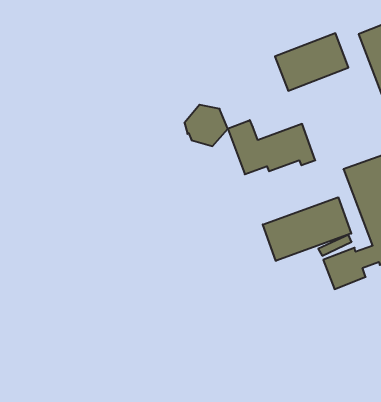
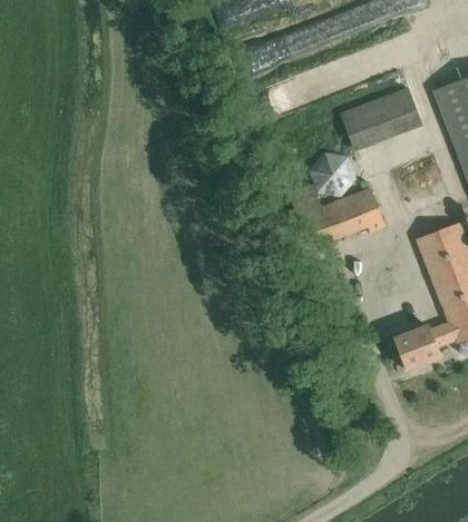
building: [184,105,228,146] -> [309,152,357,198]
building: [263,197,351,261] -> none

